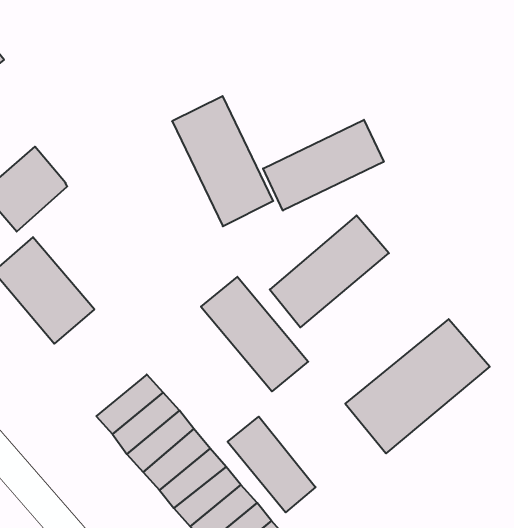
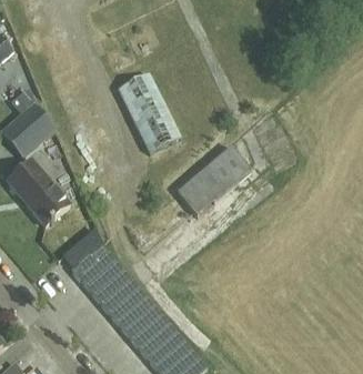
building: [263,120,384,211] -> none
building: [201,277,308,391] -> none
building: [345,319,490,453] -> none
building: [228,417,316,512] -> none

